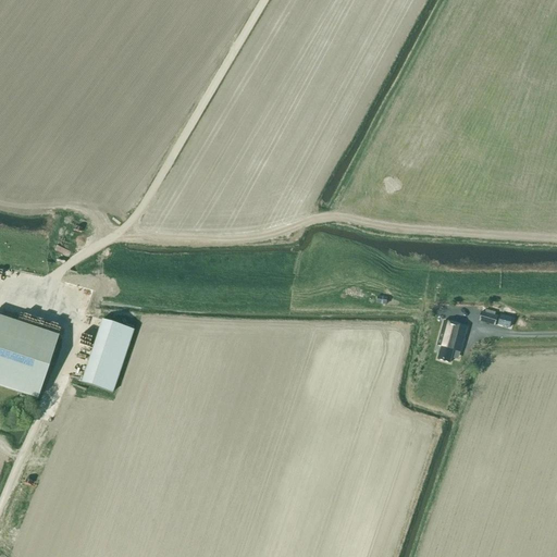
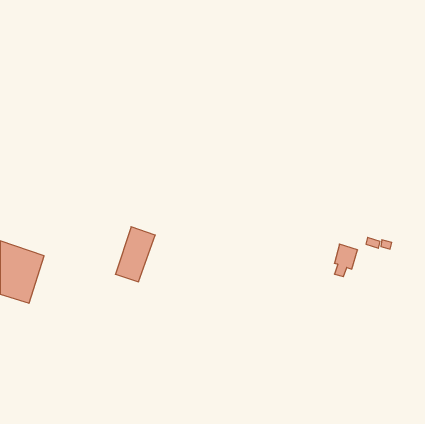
building: [81,319,133,391] -> [115,227,155,282]

